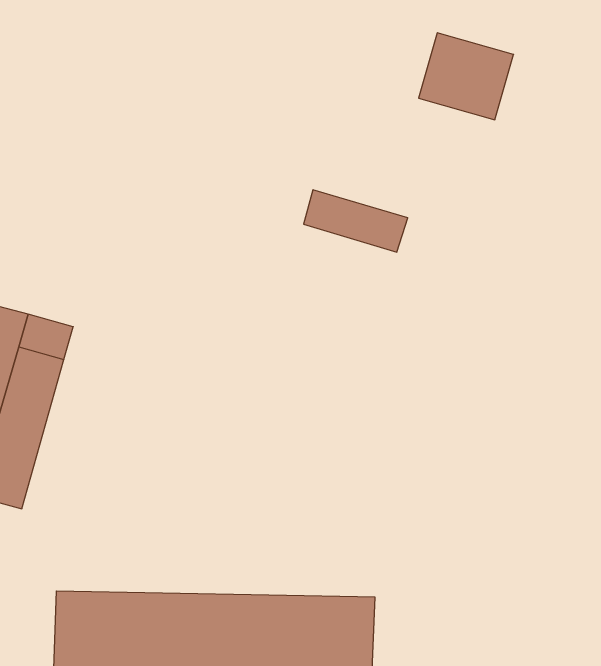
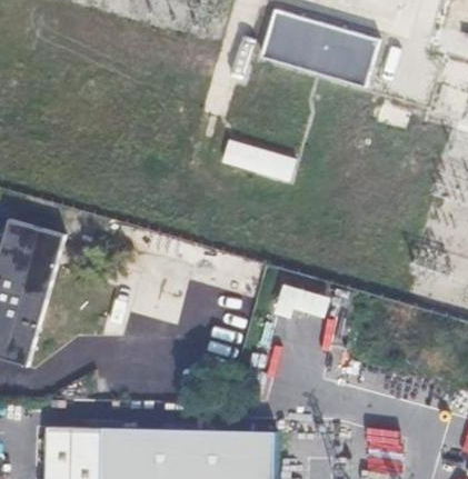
building: none -> [259,10,321,72]

